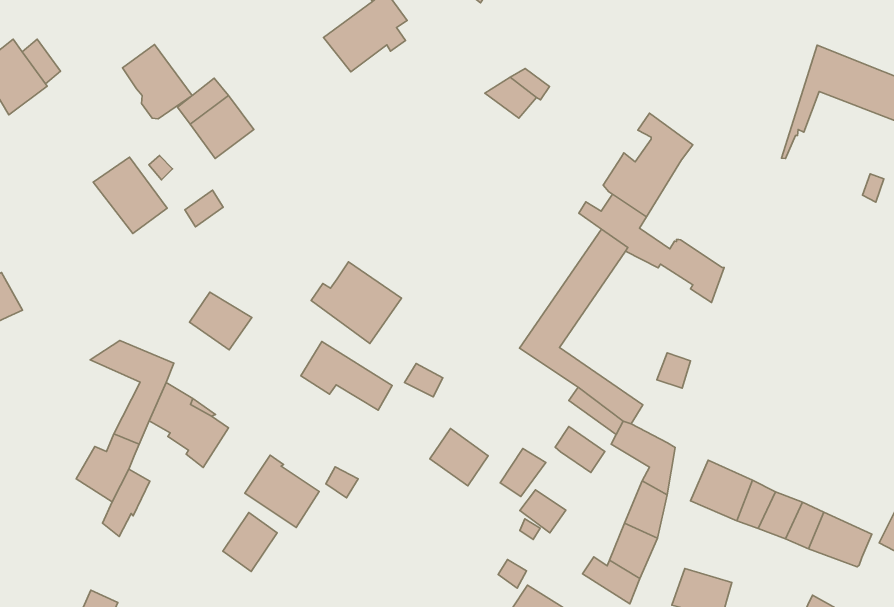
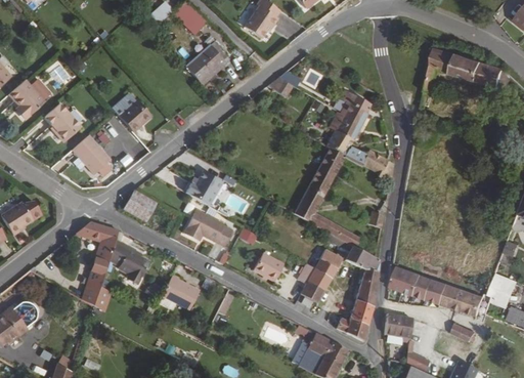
building: [122,44,192,119] -> [43,98,80,136]
building: none -> [310,262,338,292]
building: [223,513,277,571] -> none

